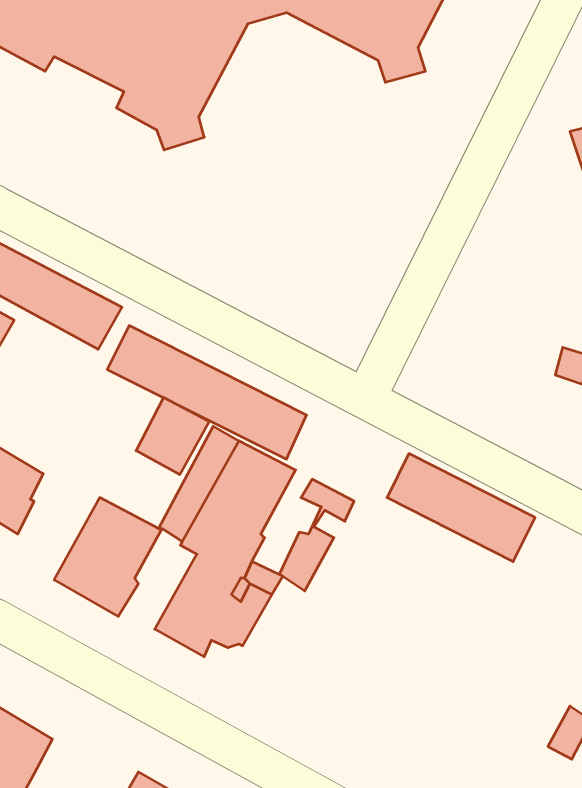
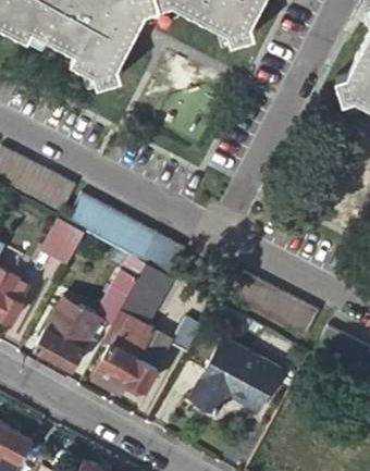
building: [136,398,209,474] -> [39,216,83,262]
building: none -> [189,336,279,409]

